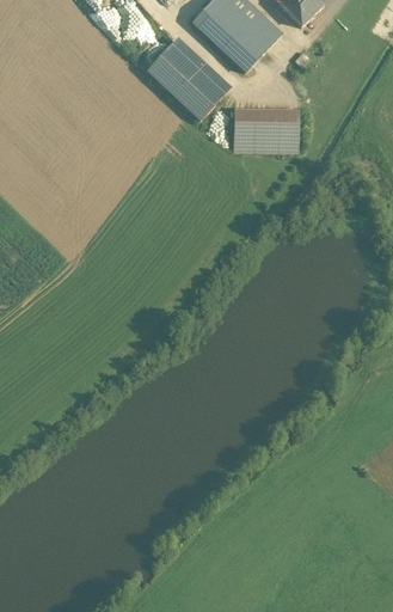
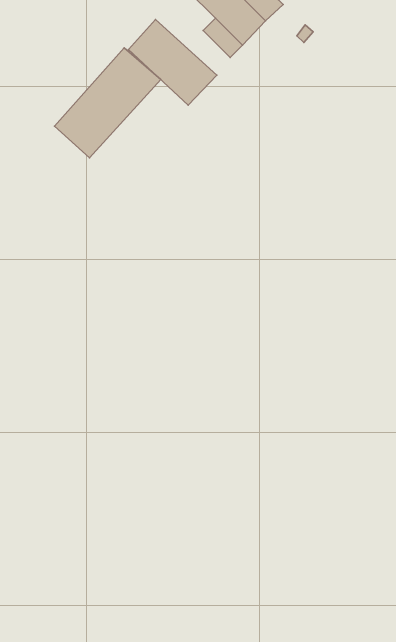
building: none -> [55,48,161,158]
building: [233,108,299,152] -> none

